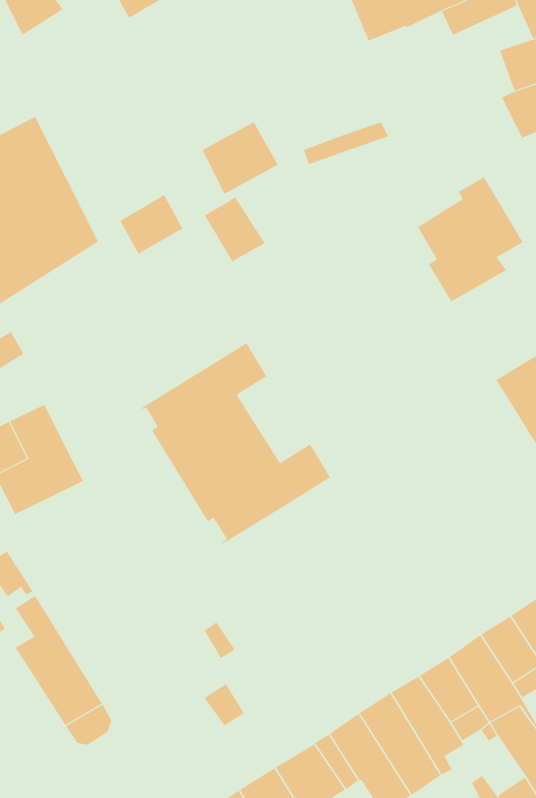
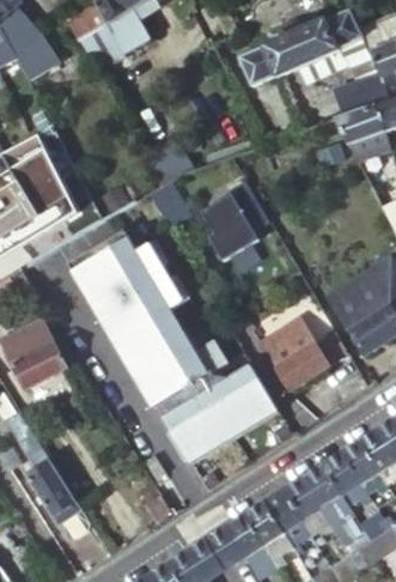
building: [417,177,524,302] -> [203,182,272,262]
building: none -> [67,232,164,304]
building: none -> [258,317,347,390]
building: none -> [163,365,276,463]

